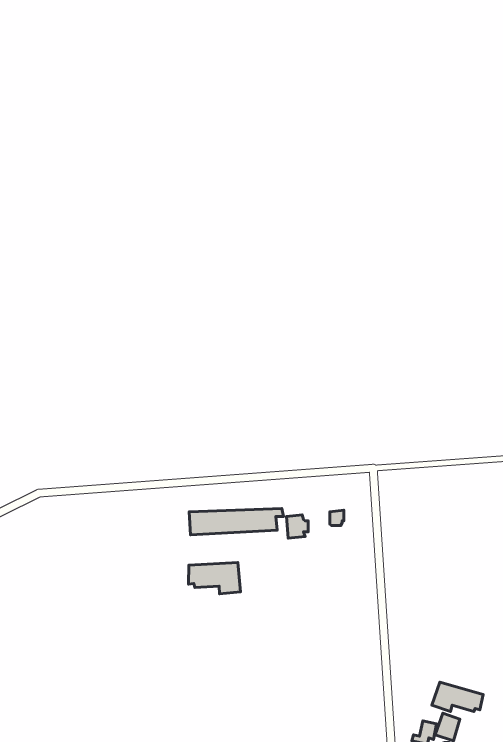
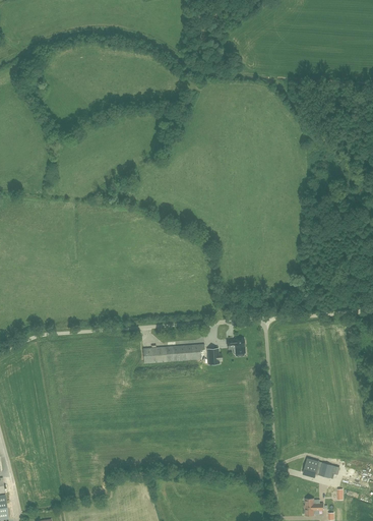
building: [189,563,241,594] -> none

